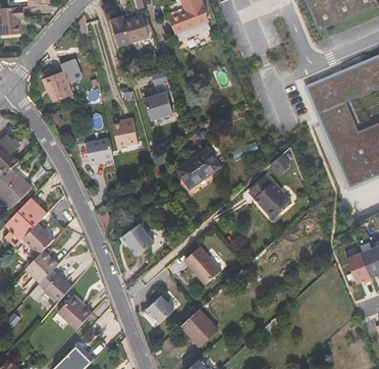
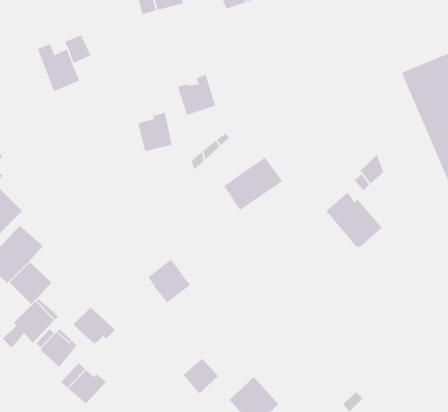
building: [87,136,115,163] -> none
building: [186,244,223,281] -> none
building: none -> [72,307,116,345]

